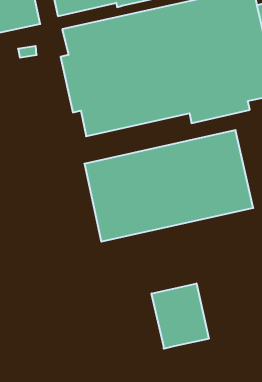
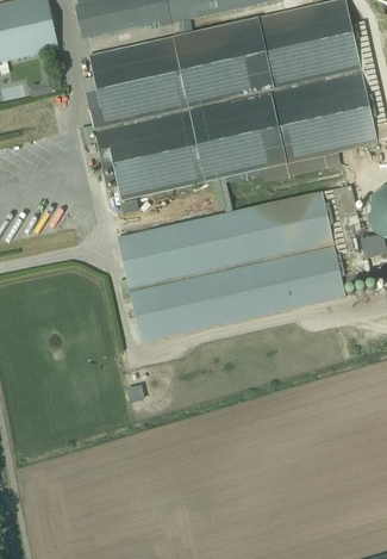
building: [152,283,209,349] -> none

